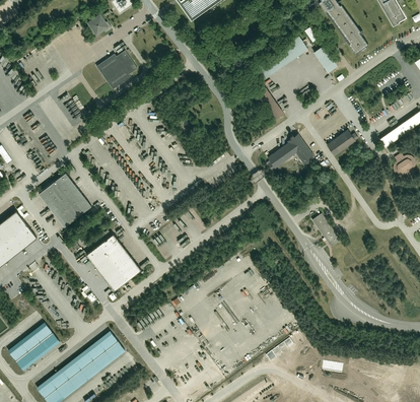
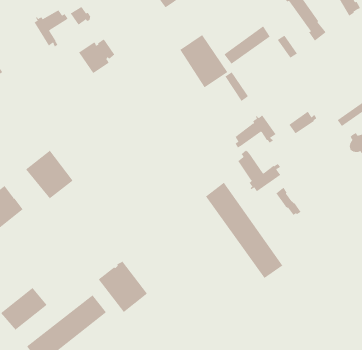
building: none -> [34,9,68,48]
building: none -> [180,34,228,88]
building: none -> [238,150,281,192]
building: none -> [205,182,283,279]
building: [85,235,140,291] -> [98,261,148,313]

